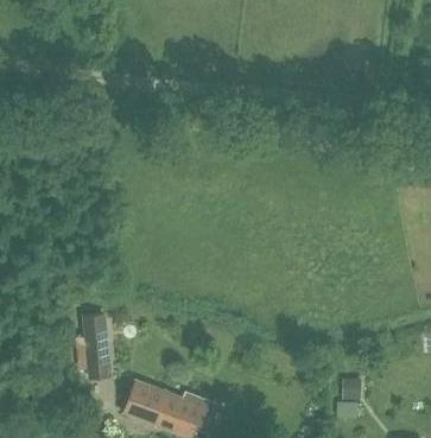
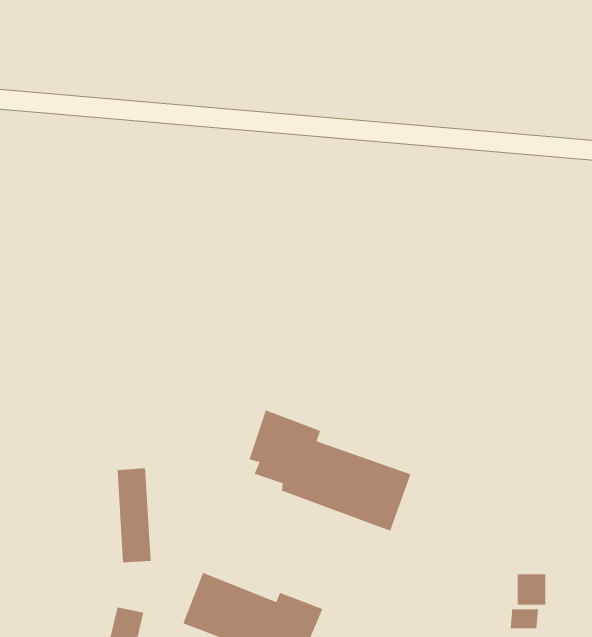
building: none -> [249,410,411,532]

